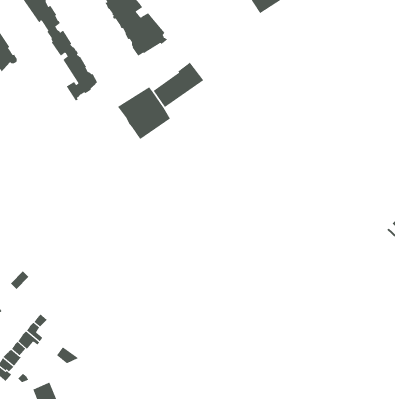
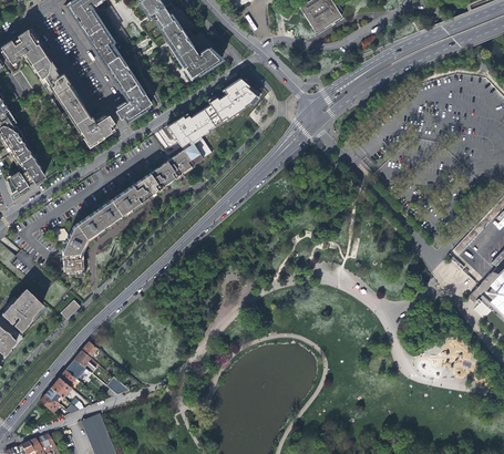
building: none -> [55,85,114,146]
building: none -> [54,149,194,276]

